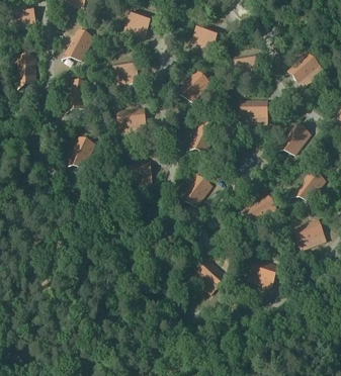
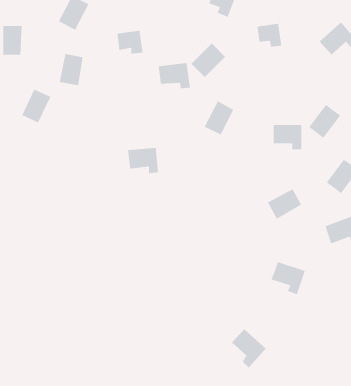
building: [241,100,266,122] -> [273,124,302,150]
building: [117,108,146,131] -> [158,62,191,89]
building: [67,136,93,167] -> [21,88,52,124]
building: [180,175,209,206] -> none
building: [194,260,225,294] -> [231,329,267,368]

